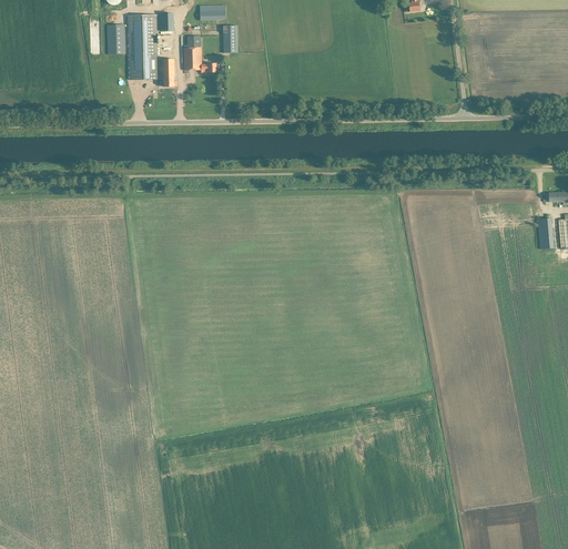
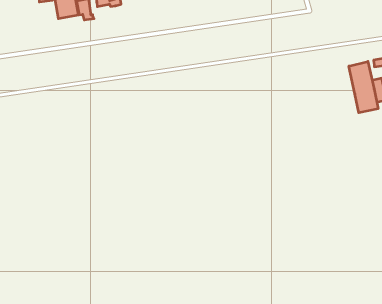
building: none -> [349,61,378,113]

